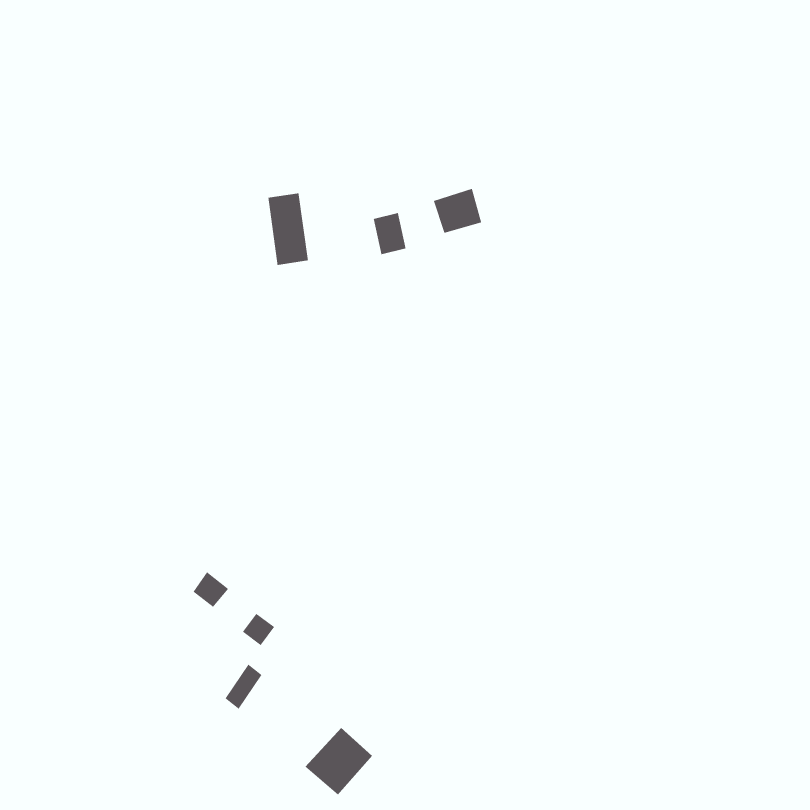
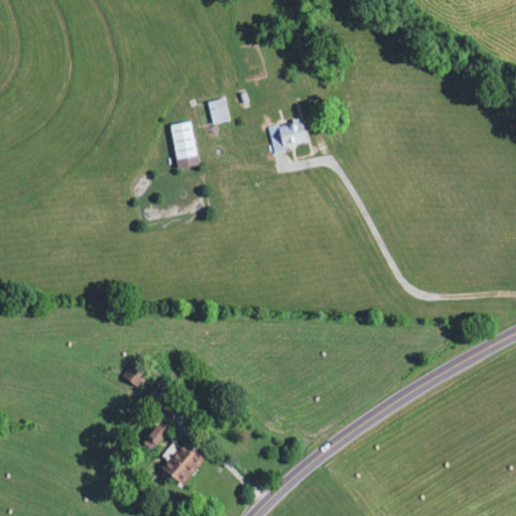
building: [373,212,406,255] -> [209,98,230,125]
building: [304,727,373,795] -> [161,440,205,484]

